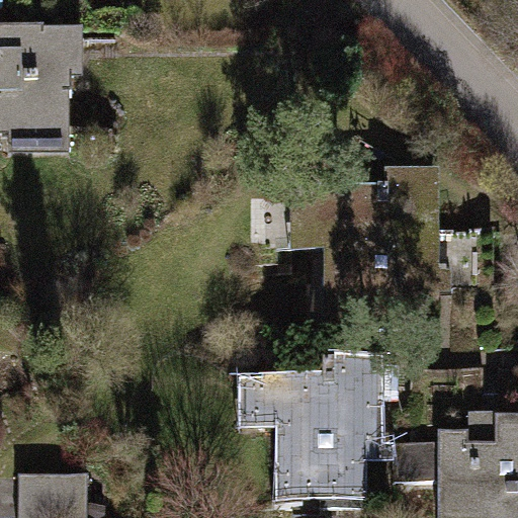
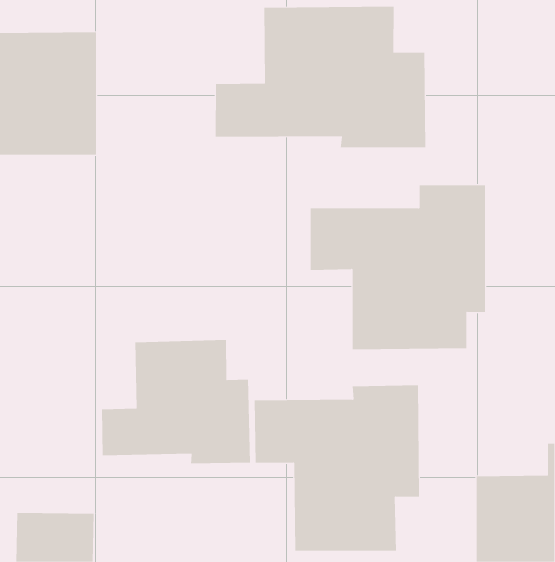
building: none -> [215,6,426,148]
building: none -> [102,339,251,464]

